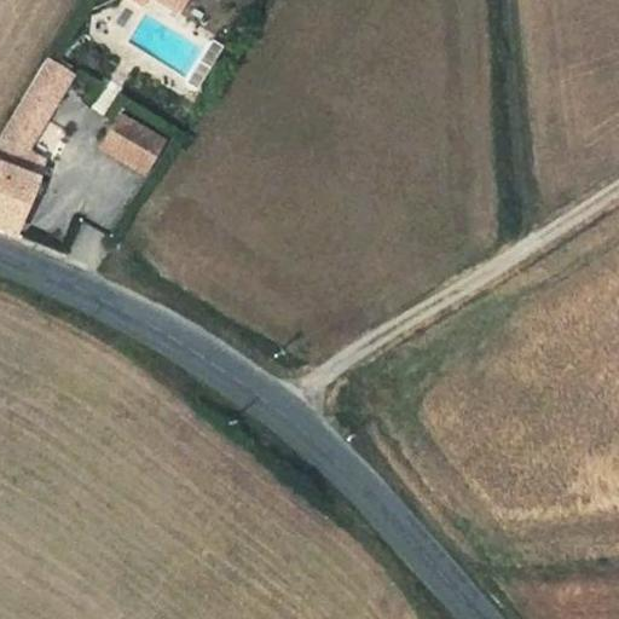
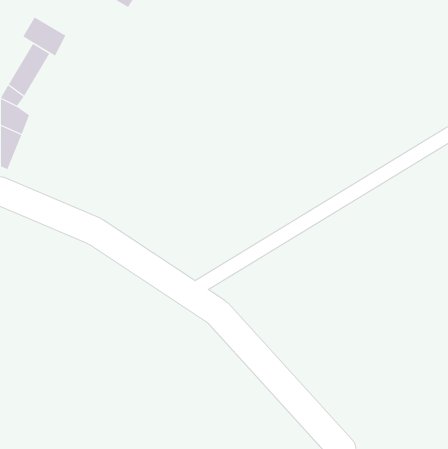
building: none -> [22,16,66,57]
building: [103,116,164,173] -> none

